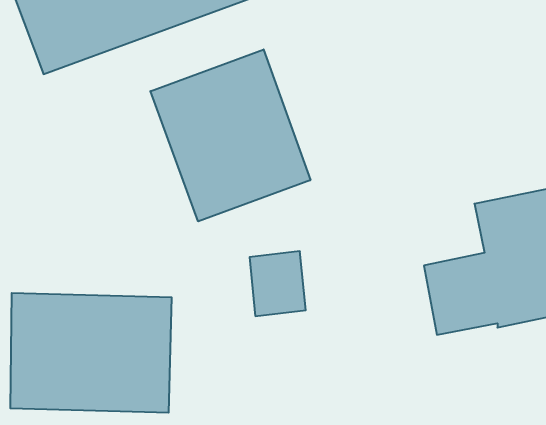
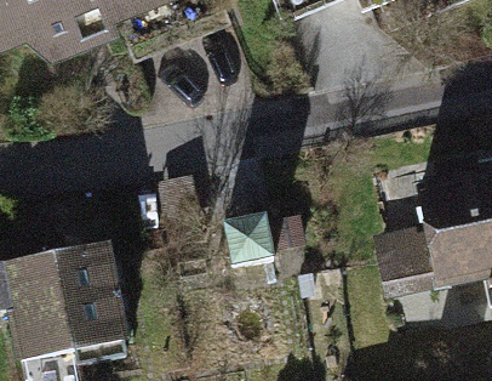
building: [150,49,310,221] -> none

